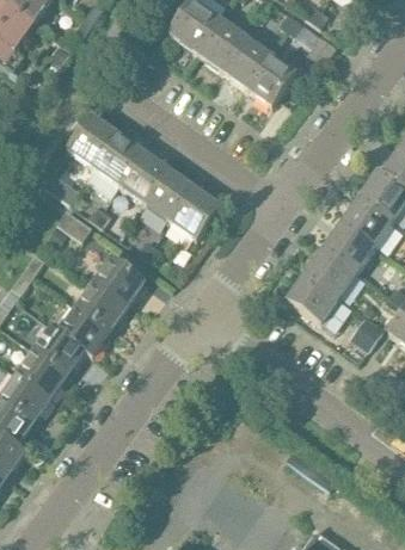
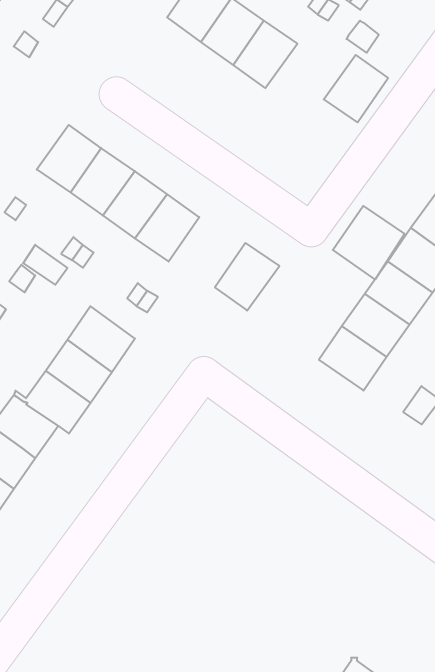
building: [245,52,295,105] -> [324,55,388,122]
building: none -> [333,206,405,279]
building: [170,187,220,240] -> [215,243,279,311]

